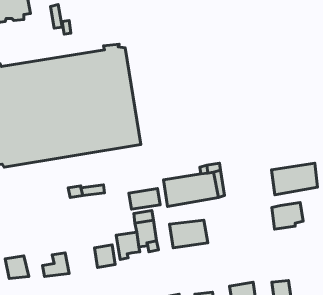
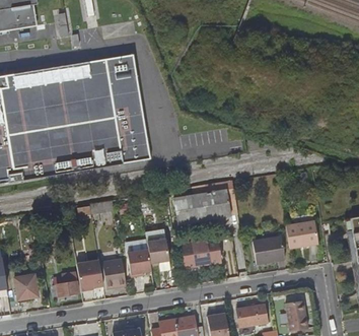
building: [272,163,317,195] -> none
building: [129,188,160,209] -> none
building: none -> [255,234,287,260]
building: none -> [76,258,102,288]

